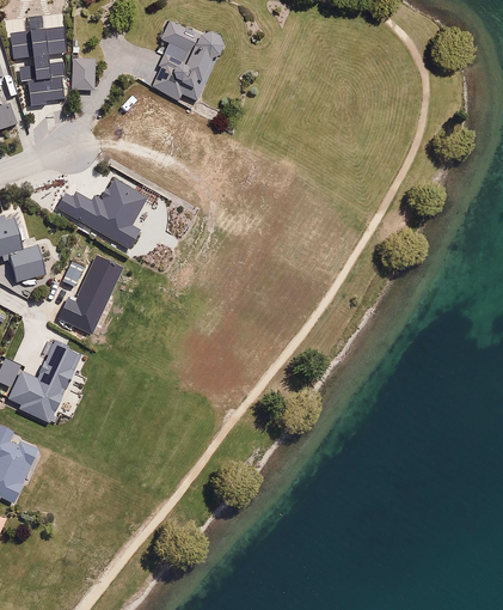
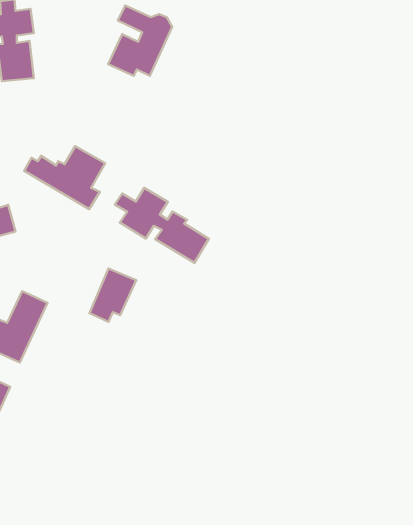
building: [69,56,96,90] -> none
building: none -> [115,188,209,263]
building: [67,264,119,324] -> [89,268,136,322]

